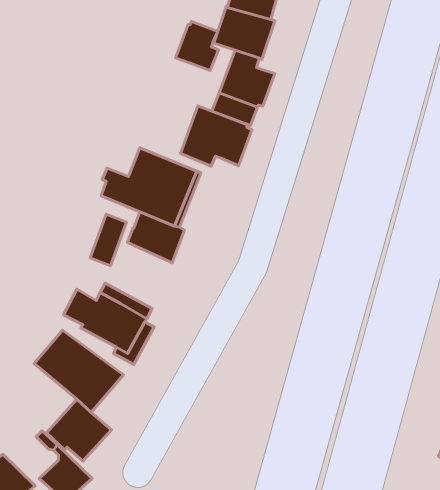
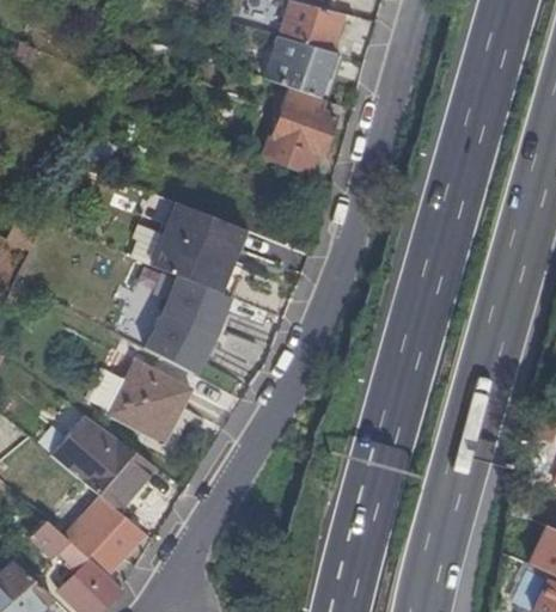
building: [175,22,219,71] -> none
building: [181,106,252,166] -> none
building: none -> [145,312,215,374]

